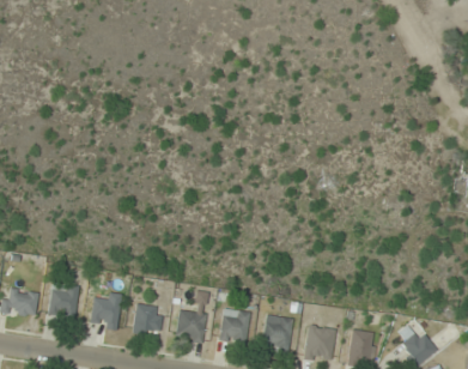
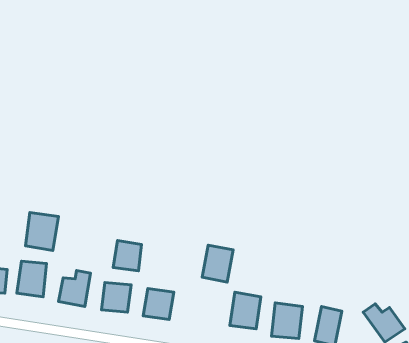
building: none -> [26,213,59,251]
building: none -> [113,241,142,271]
building: [219,309,250,346] -> [202,245,233,282]

